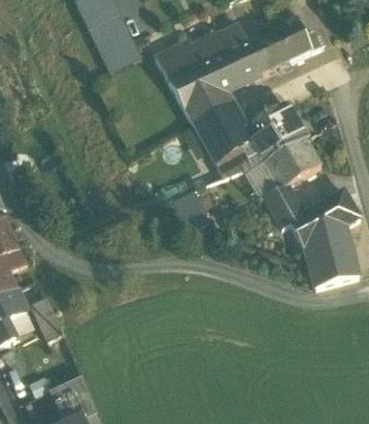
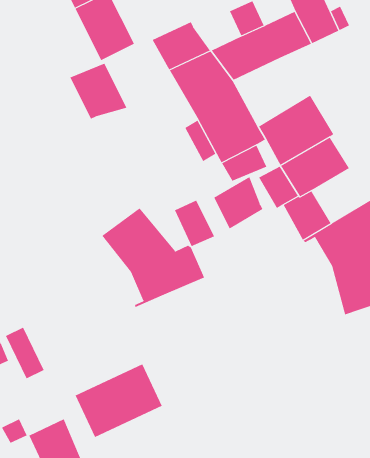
building: [189,32,229,65] -> none
building: none -> [70,63,127,119]
building: none -> [213,176,263,229]
building: none -> [101,208,205,308]
building: none -> [75,363,162,438]

